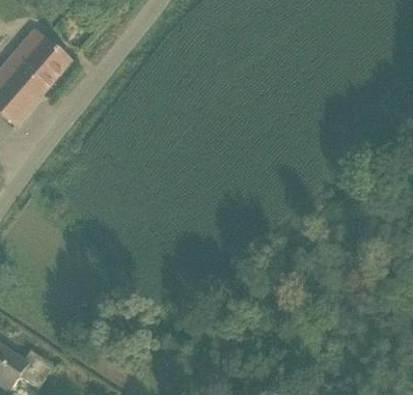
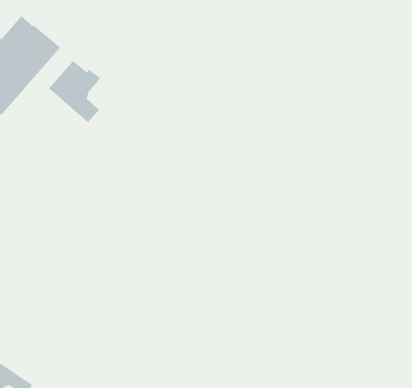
building: none -> [48,60,101,123]

